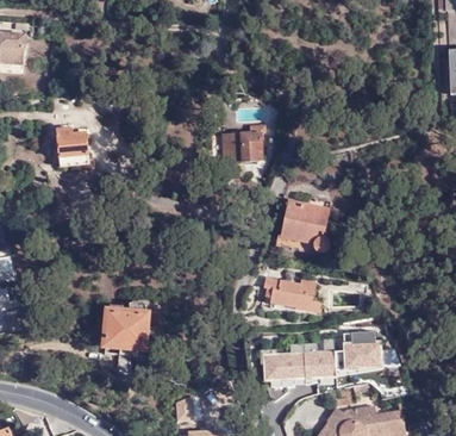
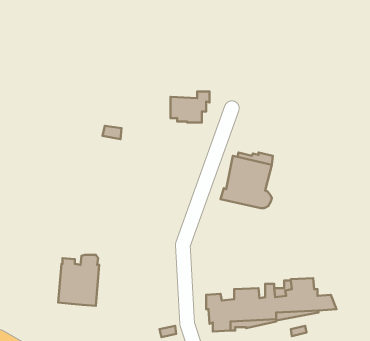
building: [64,127,90,166] -> none
building: [263,276,320,311] -> none

